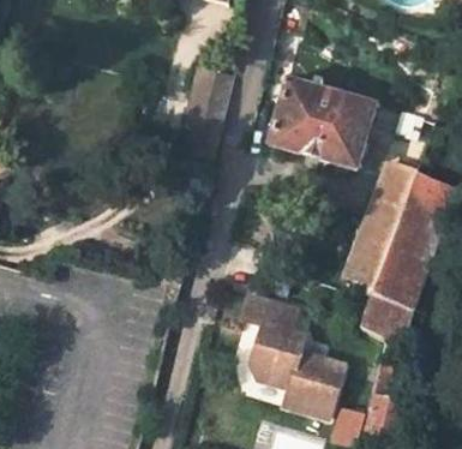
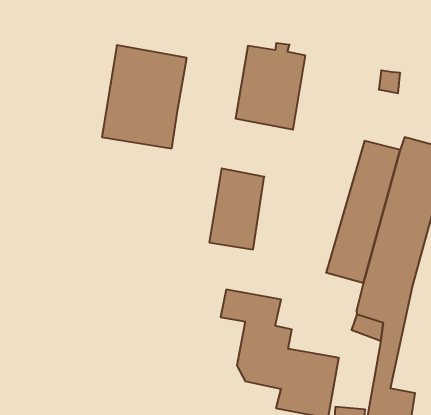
building: [319,91,373,166] -> [209,168,264,249]

